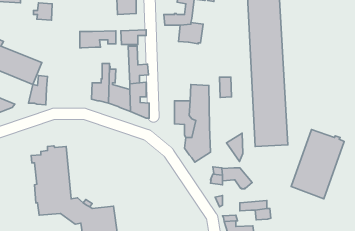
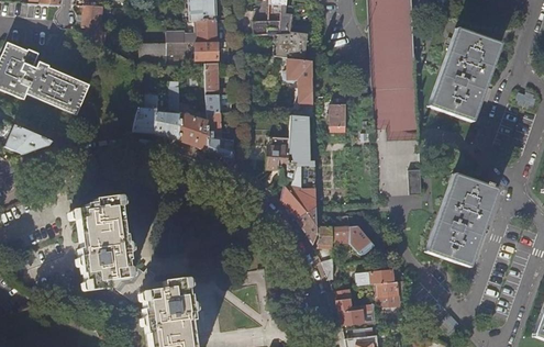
building: none -> [185,19,218,40]
building: none -> [428,30,499,123]
building: none -> [269,57,314,115]
building: [29,76,47,105] -> [133,94,158,134]
building: [227,133,243,162] -> [296,205,318,244]

